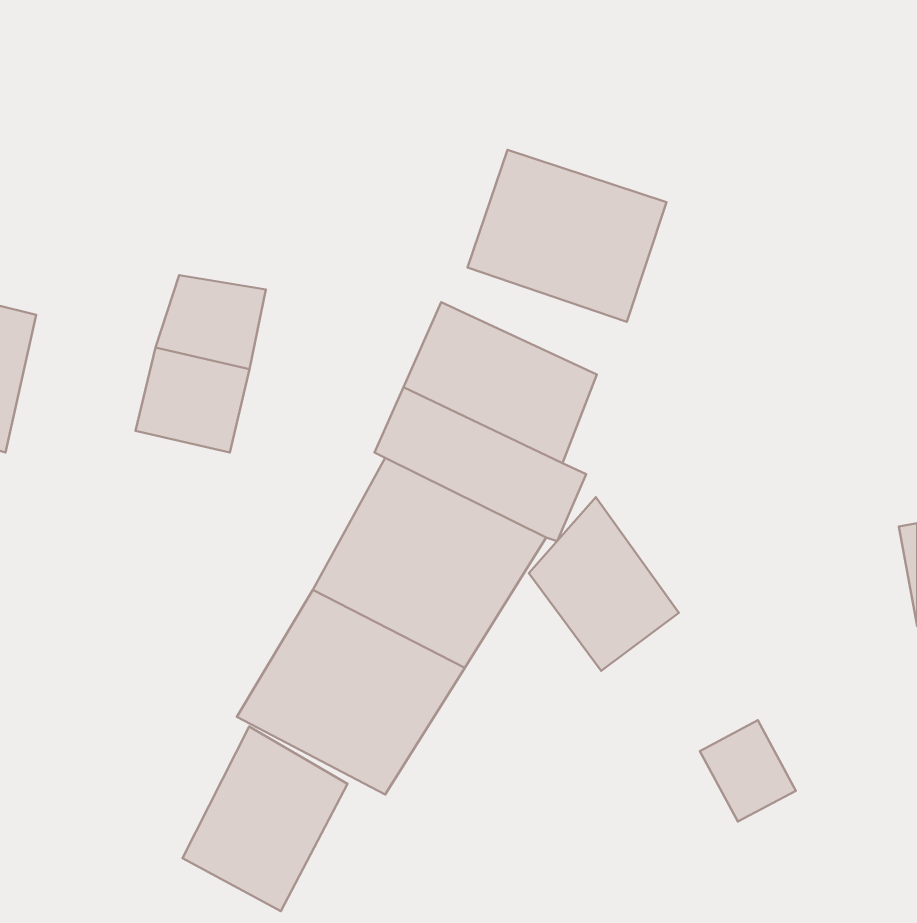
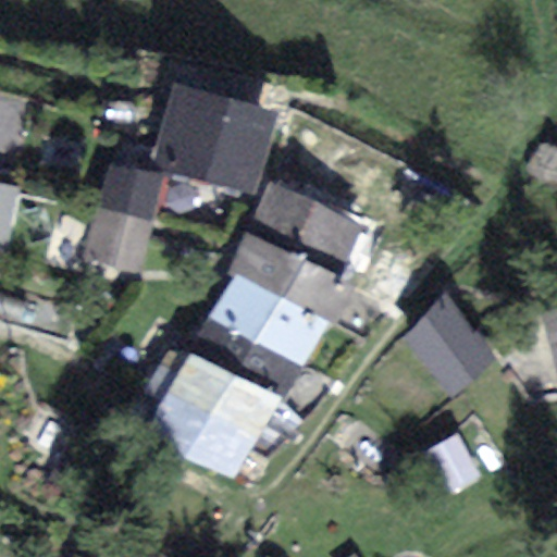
building: [468,150,667,322] -> [153,86,273,189]
building: [529,497,679,671] -> [405,290,495,395]
building: [182,726,347,911] -> none

